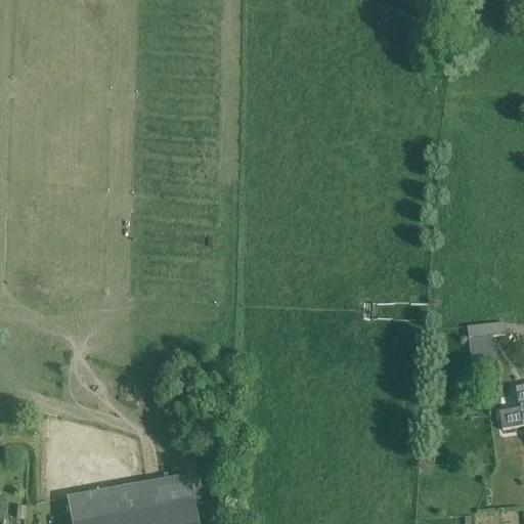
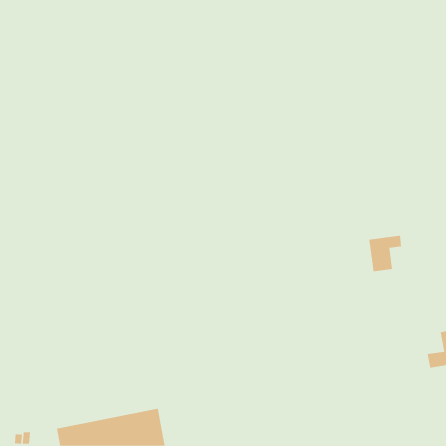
building: [467,321,506,364] -> [368,235,402,272]

